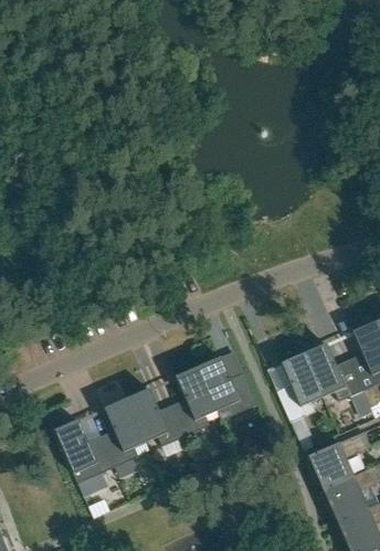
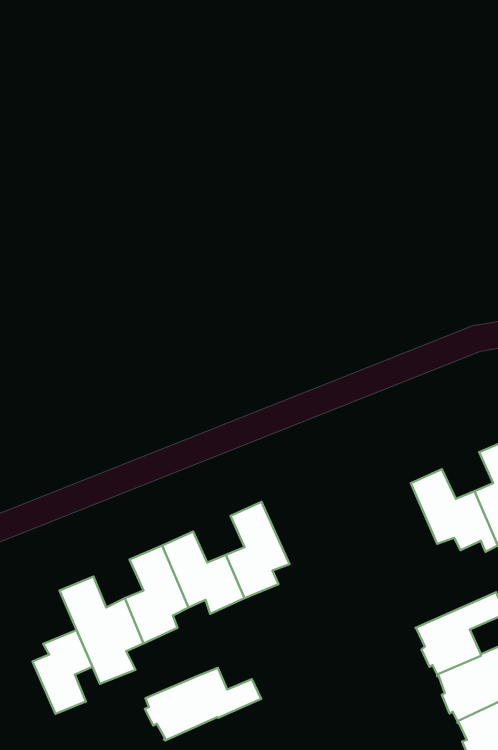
building: [276,352,323,421] -> none
building: [198,356,258,413] -> none
building: none -> [33,630,92,714]
building: none -> [145,668,261,741]

